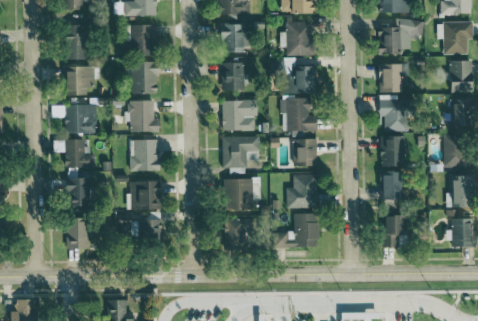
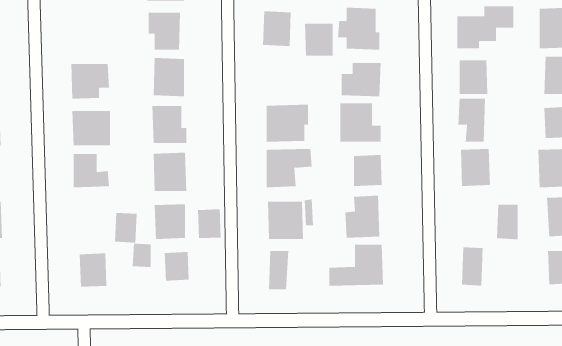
building: [63,25,85,60] -> none
building: [220,63,244,90] -> [304,23,334,56]
building: [379,172,397,201] -> [496,204,518,240]
building: [68,178,87,203] -> [114,212,138,243]
building: none -> [198,209,221,239]

